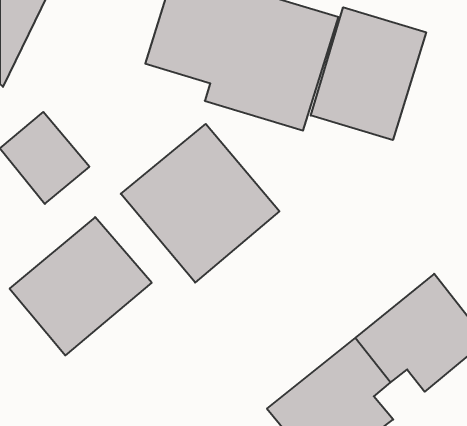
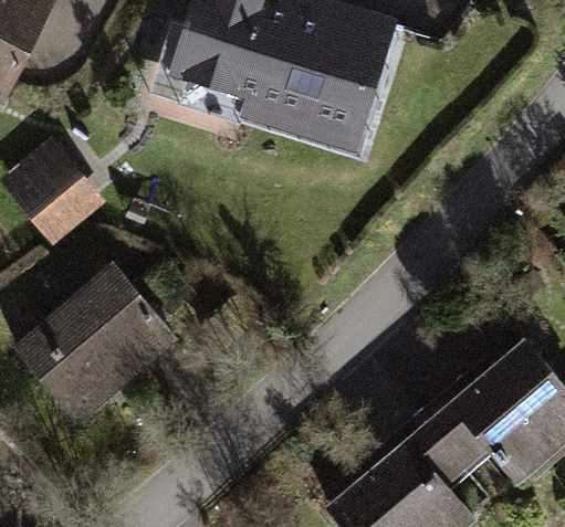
building: [311,7,426,140] -> none
building: [121,124,279,283] -> none

